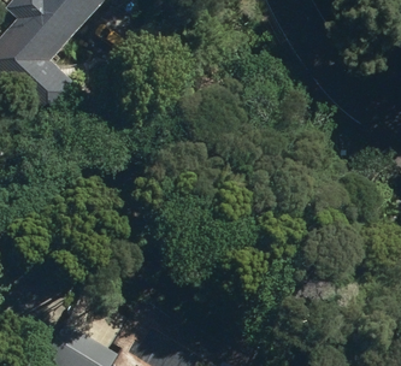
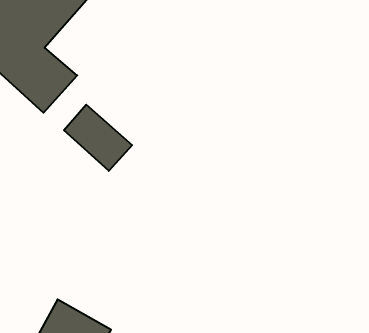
building: none -> [64,105,132,171]

